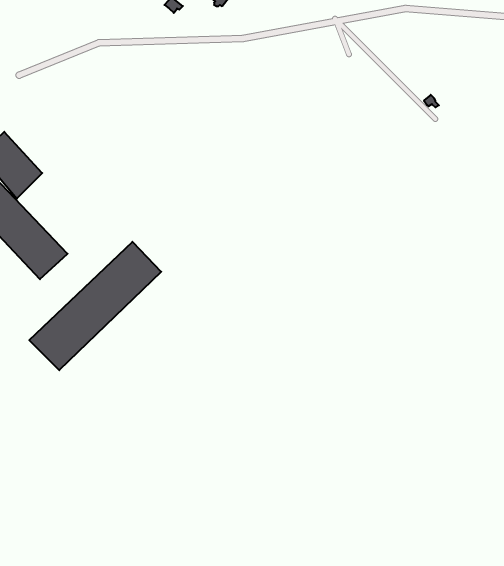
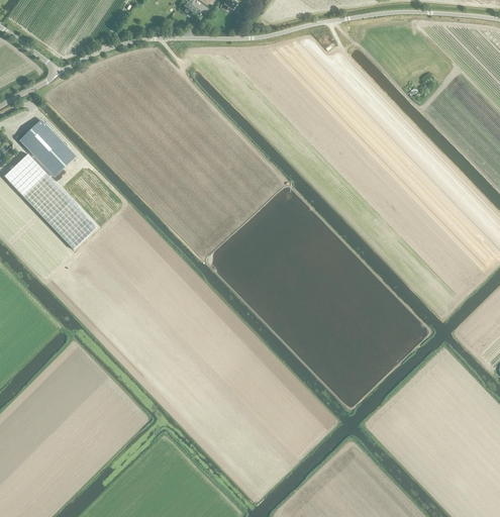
building: [29,242,161,370] -> none

